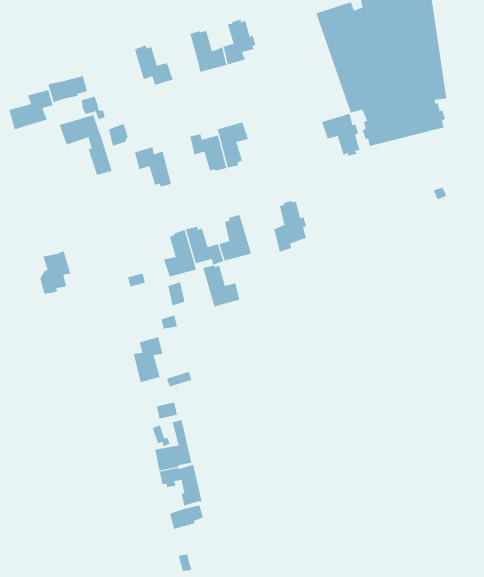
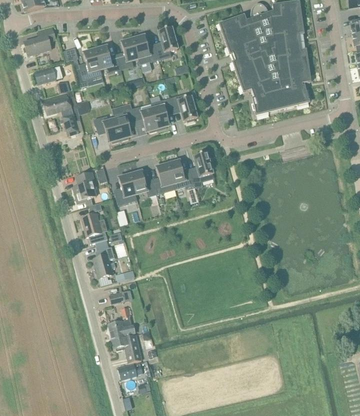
building: none -> [117,36,138,68]
building: none -> [79,47,102,79]
building: [8,89,53,130] -> [24,27,55,55]
building: [321,113,360,157] -> [169,91,196,121]
building: none -> [113,107,135,140]
building: [39,251,71,294] -> [74,171,96,201]
building: [202,265,240,307] -> [167,159,193,188]
building: none -> [81,212,107,242]

